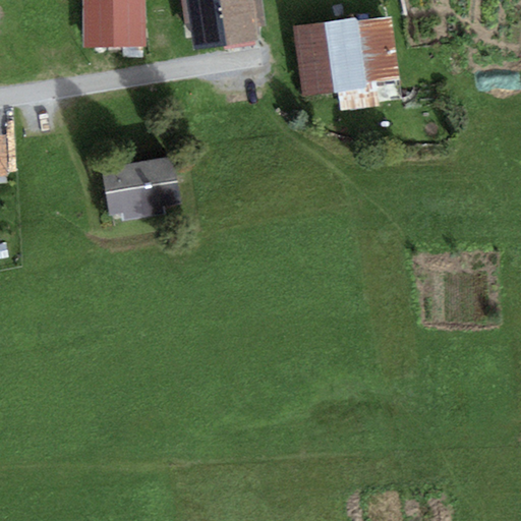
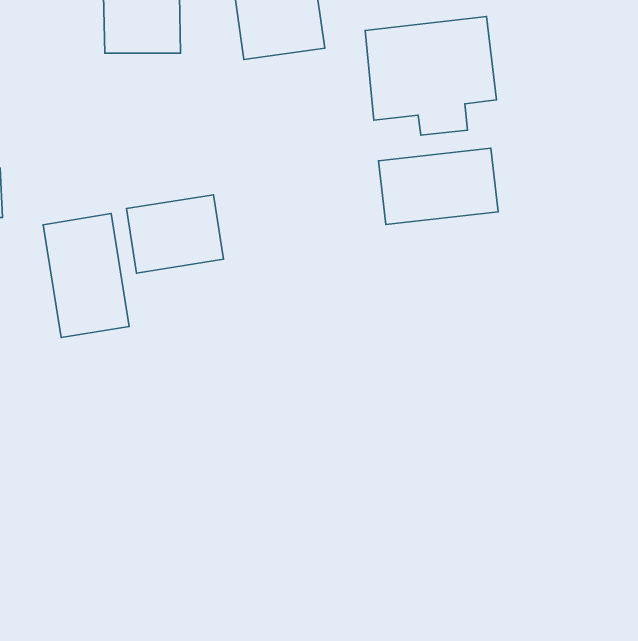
building: none -> [378,148,498,225]
building: none -> [43,214,129,337]

